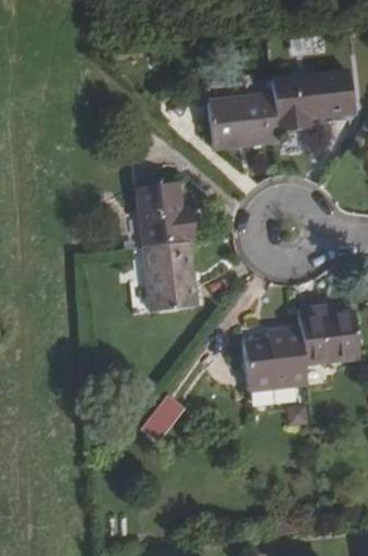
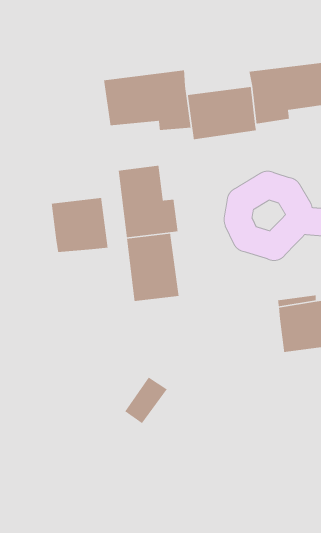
building: none -> [103,70,191,131]
building: none -> [51,197,109,253]
building: [244,331,308,395] -> none

